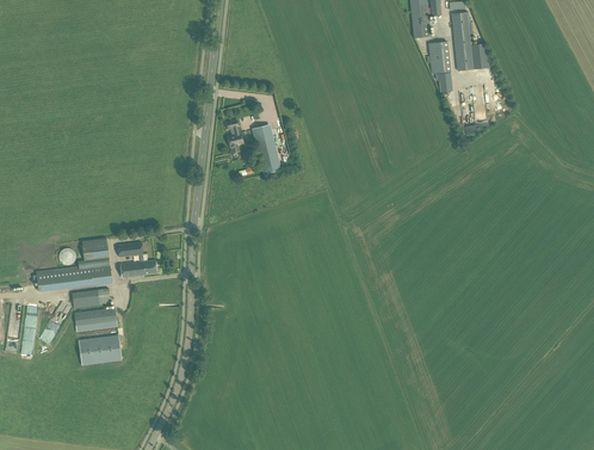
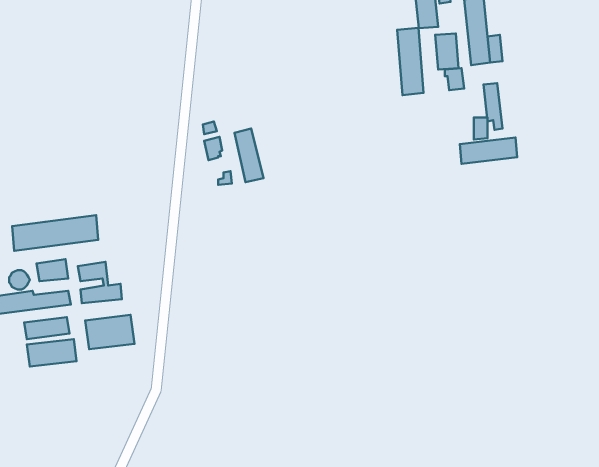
building: none -> [397,28,424,95]
building: none -> [460,138,517,164]
building: none -> [12,215,98,251]
building: [78,335,120,365] -> [85,315,135,349]

